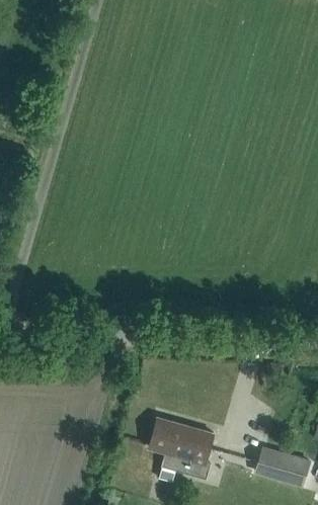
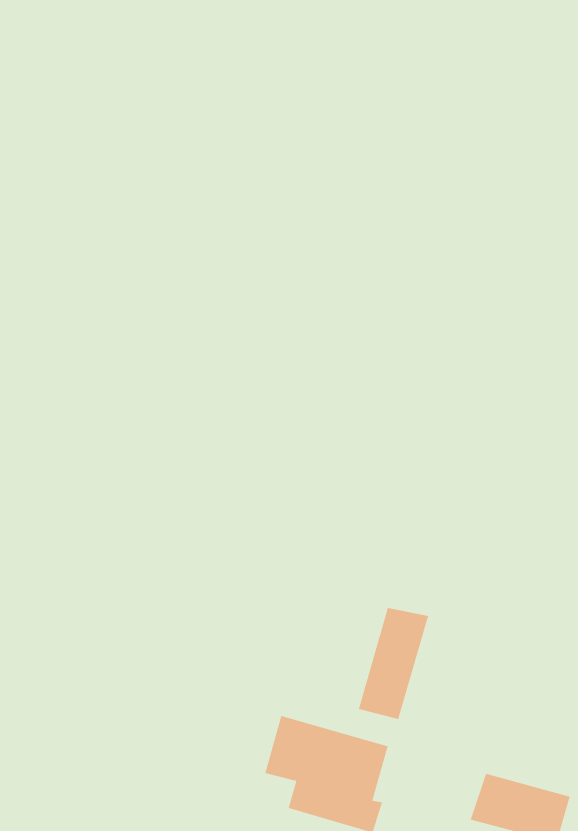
building: none -> [358,607,429,720]

